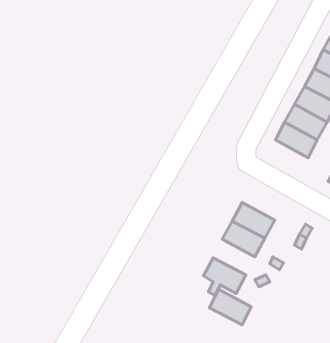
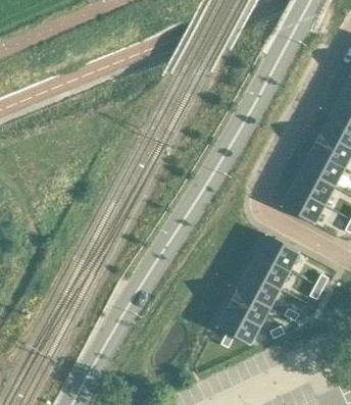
building: none -> [282,187,325,223]
building: none -> [257,233,301,269]
building: [209,289,251,325] -> [228,289,270,325]

